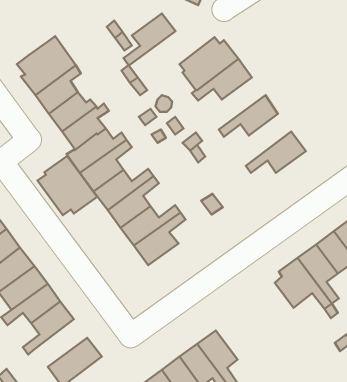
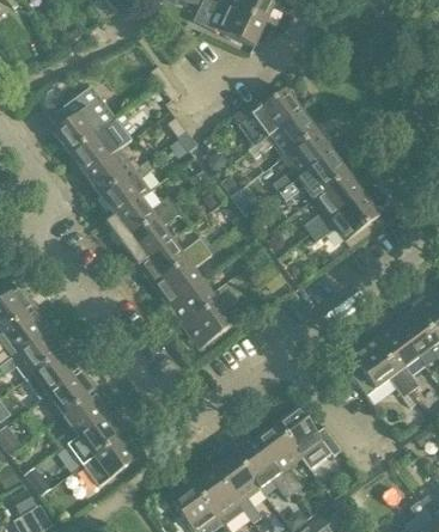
building: [124,14,175,65] -> [274,132,334,191]
building: none -> [305,173,364,233]
building: [38,156,97,215] -> none
building: none -> [276,406,341,469]
building: none -> [67,410,128,465]

